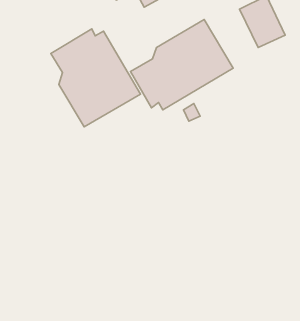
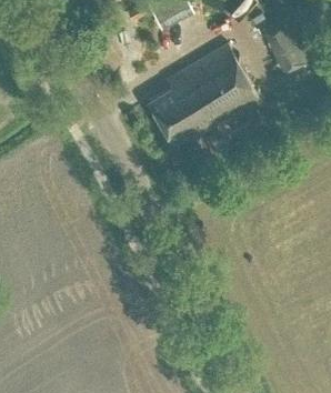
building: [51,29,140,127] -> none

